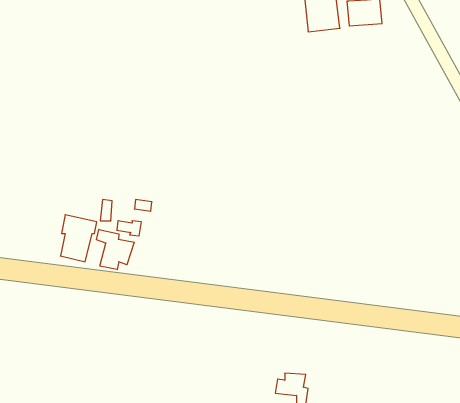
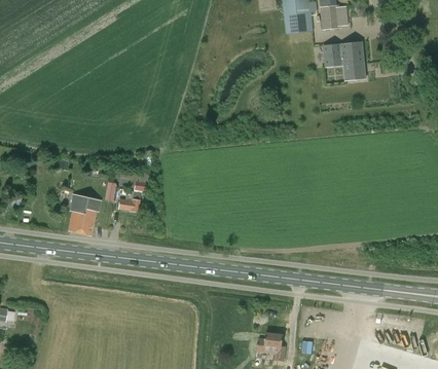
building: none -> [323,42,366,81]
building: [96,229,134,270] -> none

